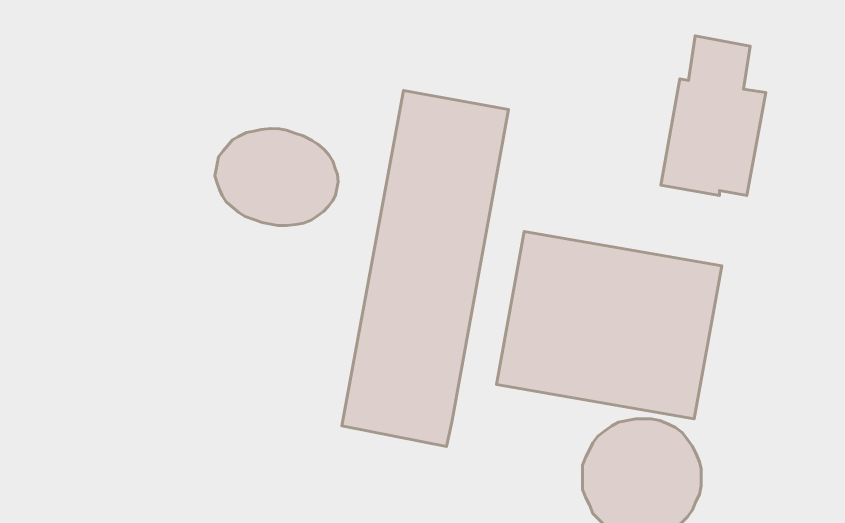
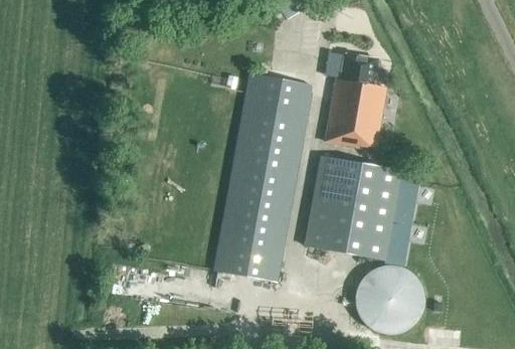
building: [661,36,766,196] -> [325,53,386,147]
building: [215,129,338,226] -> none

